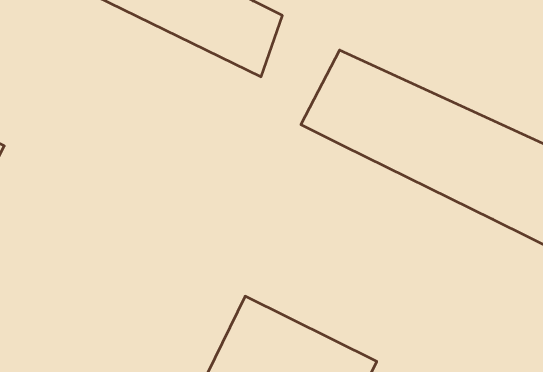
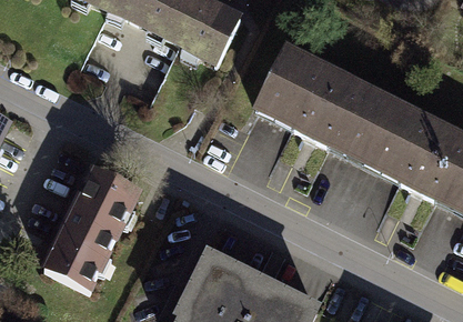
building: none -> [40,167,142,293]

